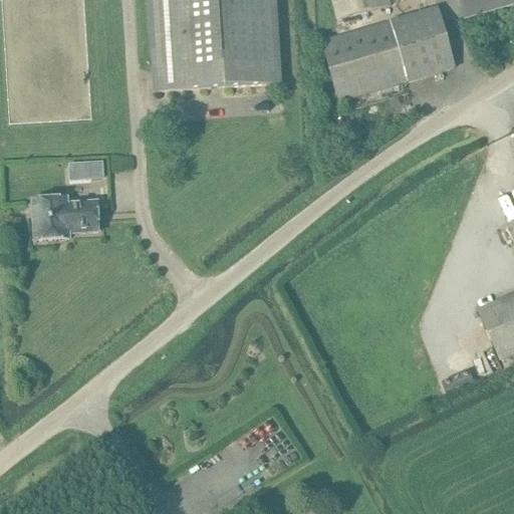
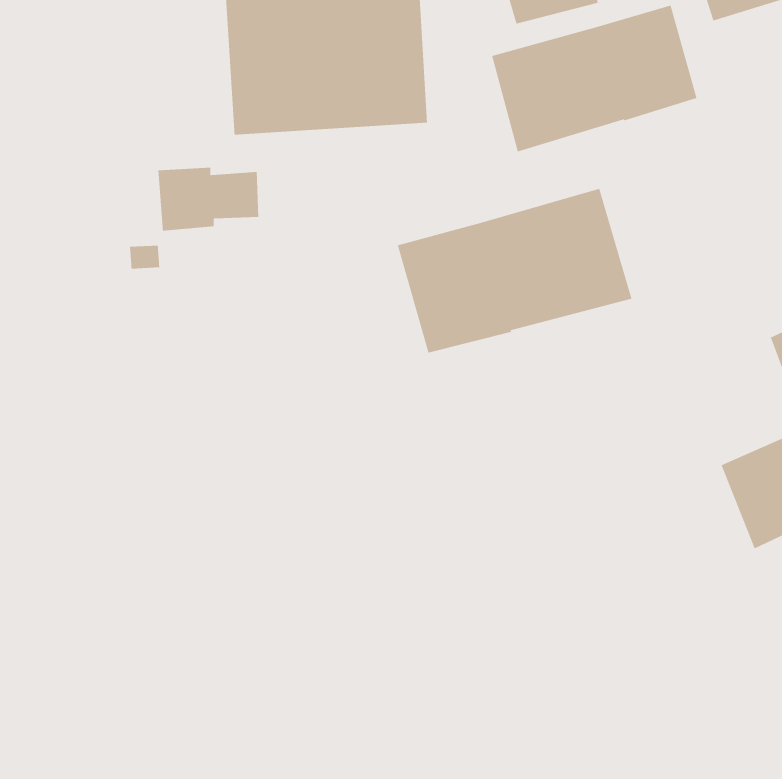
building: none -> [397,188,632,353]
building: [34,196,100,238] -> [157,167,259,231]

